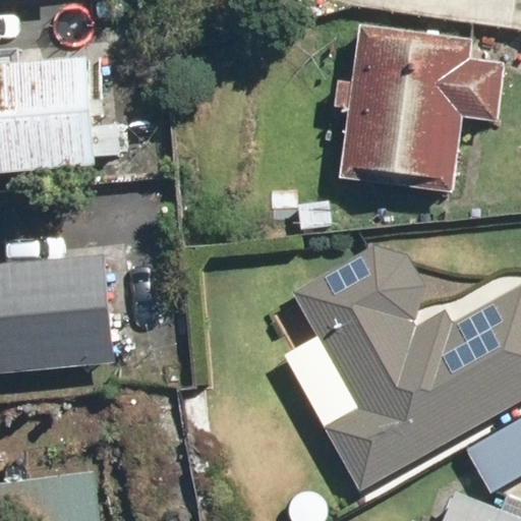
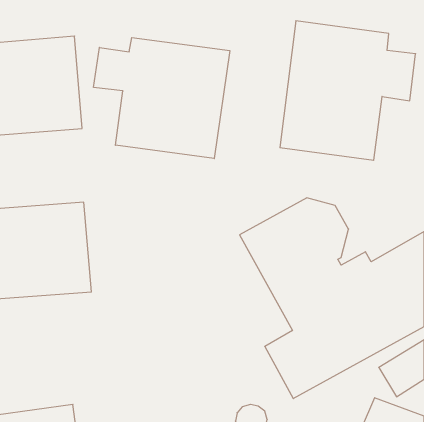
building: none -> [94,38,230,159]

